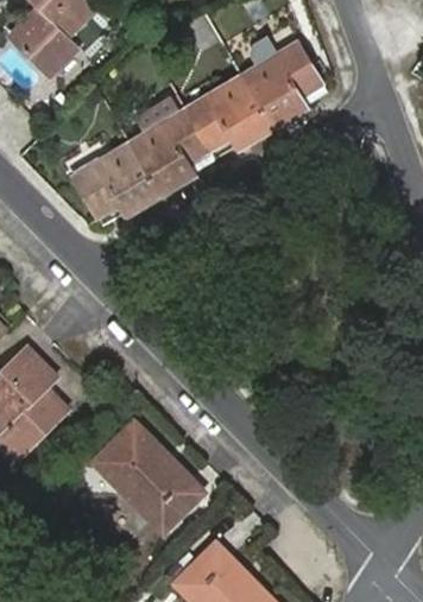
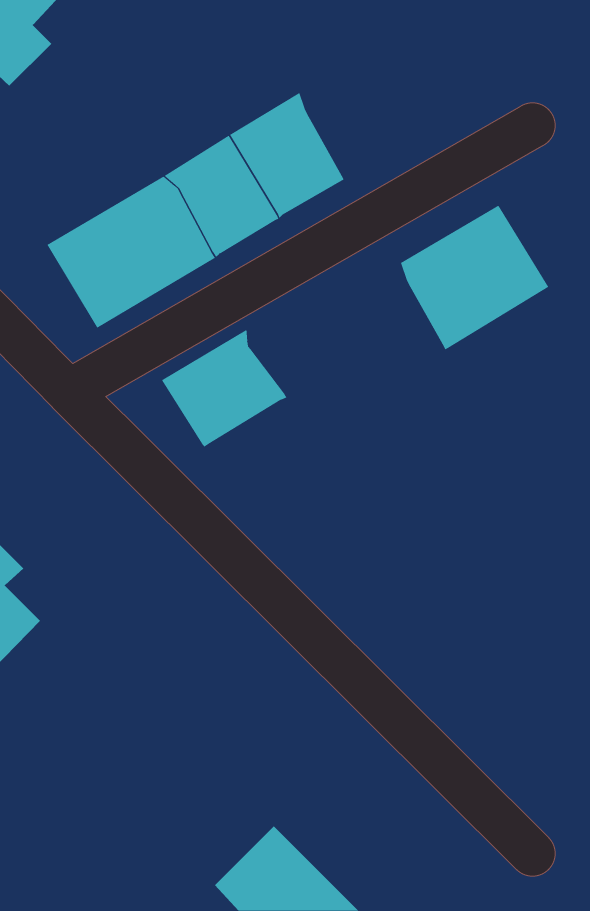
building: [234,39,329,132] -> [400,205,549,350]
building: none -> [161,329,287,448]
building: [95,423,201,531] -> none

